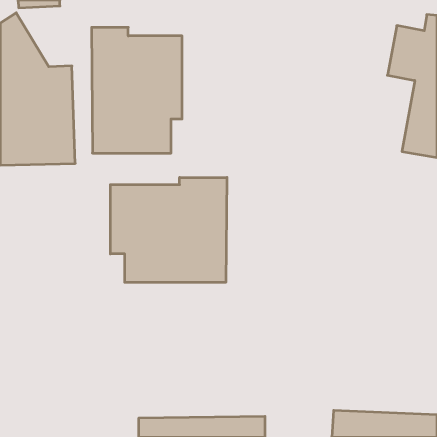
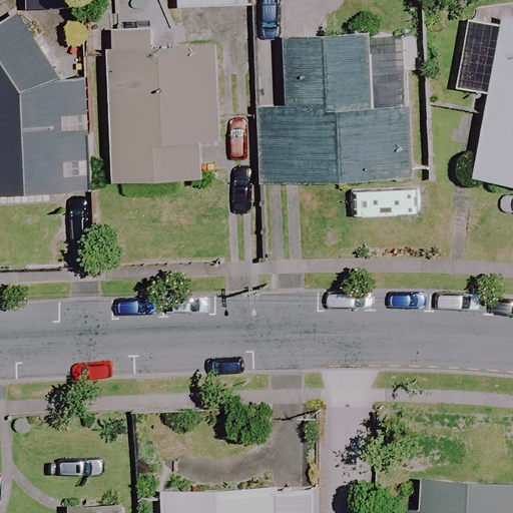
building: none -> [256,35,412,183]
building: [110,177,227,282] -> none

